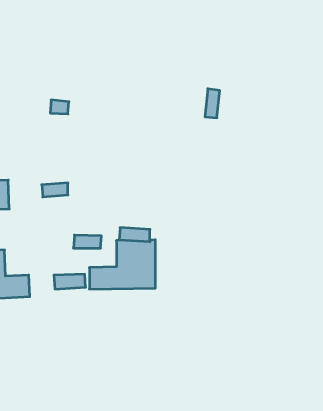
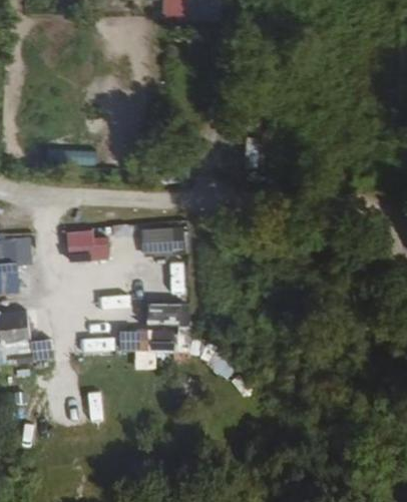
building: none -> [142,225,186,255]

